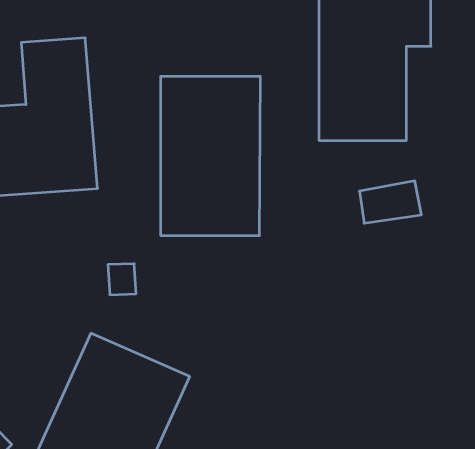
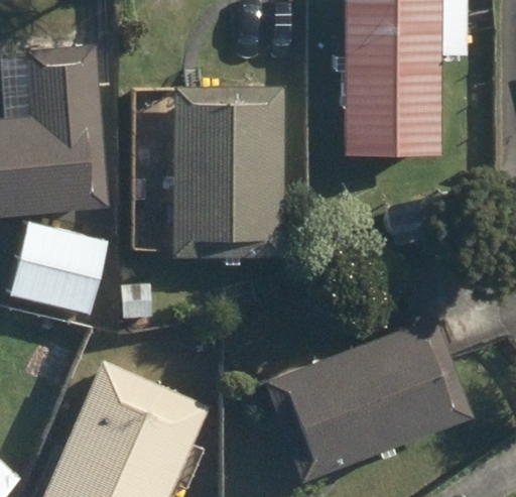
building: none -> [12,226,105,314]
building: none -> [264,321,471,481]

